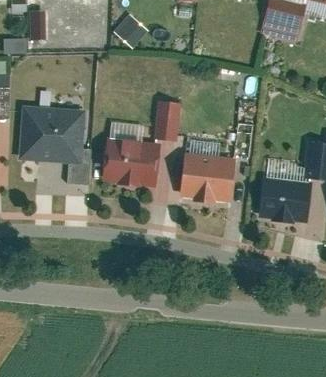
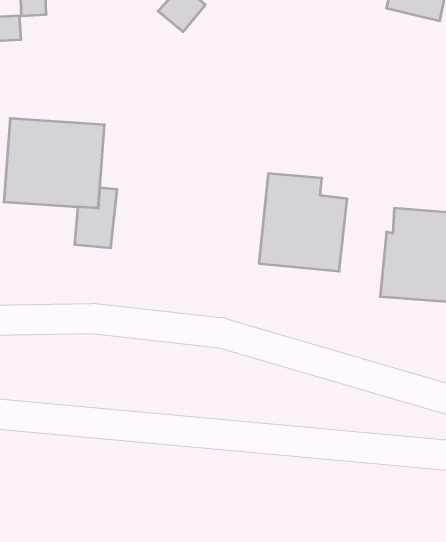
building: [103,100,179,188] -> none

